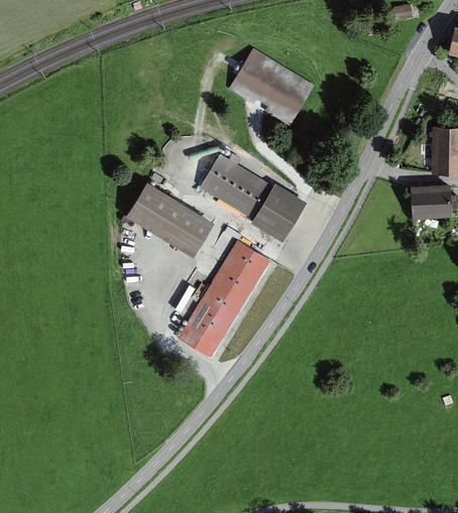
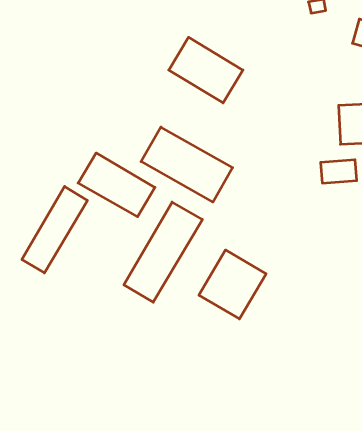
building: none -> [22,186,87,273]
building: none -> [199,250,266,319]

